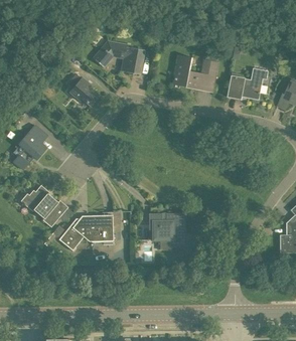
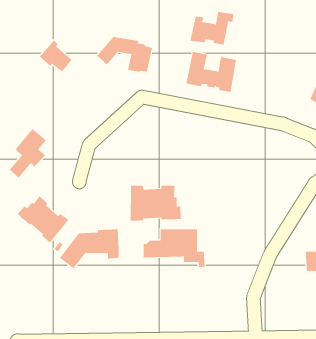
building: [228,68,268,99] -> [190,12,234,45]
building: [68,76,99,106] -> [39,40,72,72]
building: none -> [130,185,181,221]

